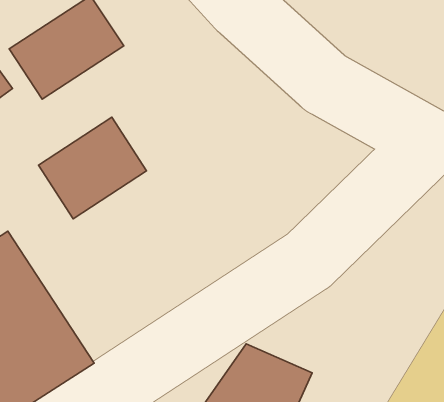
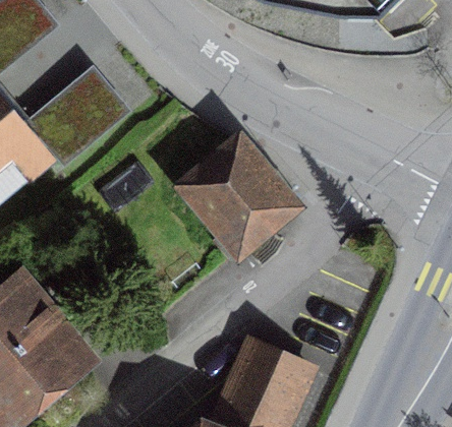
building: none -> [176,133,302,259]
building: [38,117,147,219] -> none

